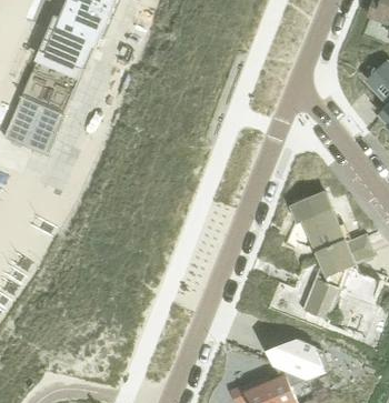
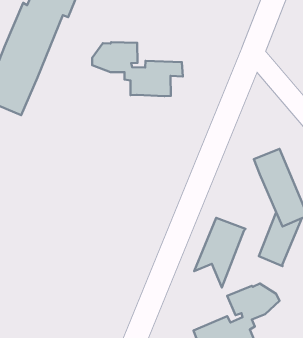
building: none -> [92,42,183,96]
building: none -> [194,218,245,287]

